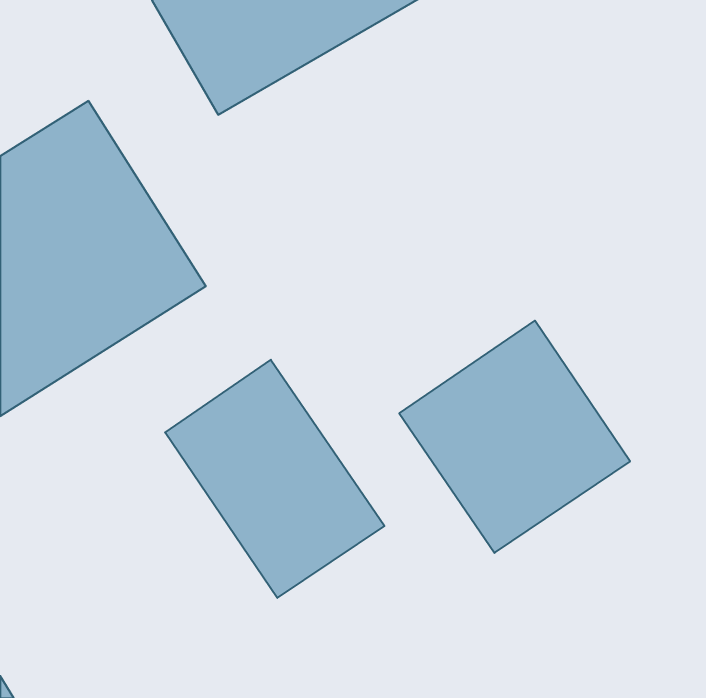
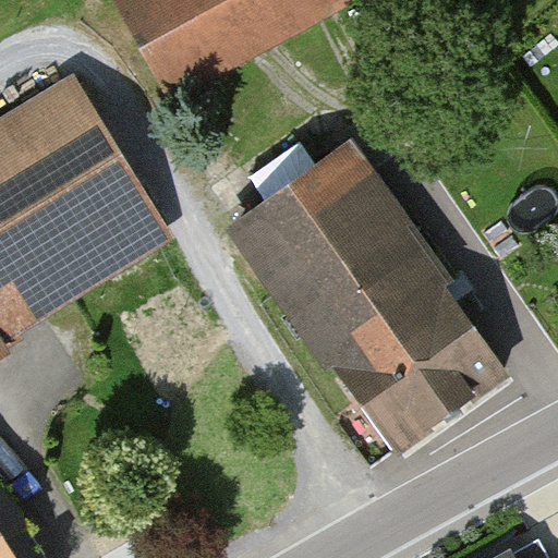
building: none -> [239,143,422,326]
building: [165,360,384,598] -> none

